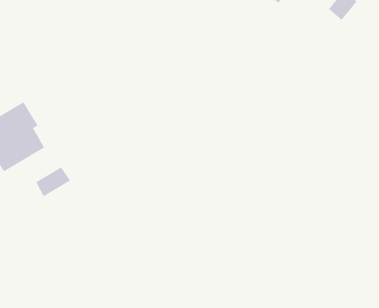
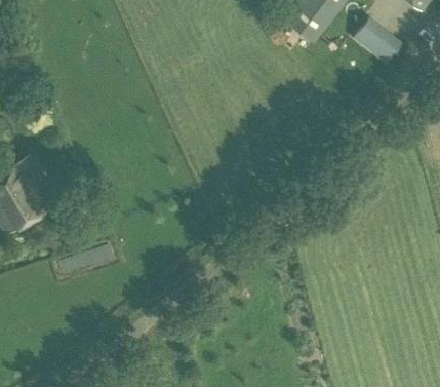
building: [35,166,71,197] -> none

